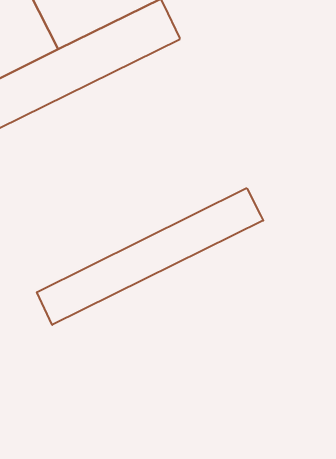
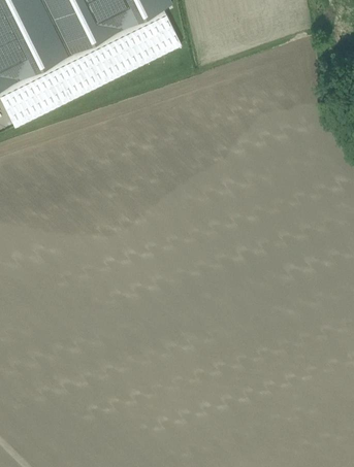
building: [37,188,263,325] -> none

